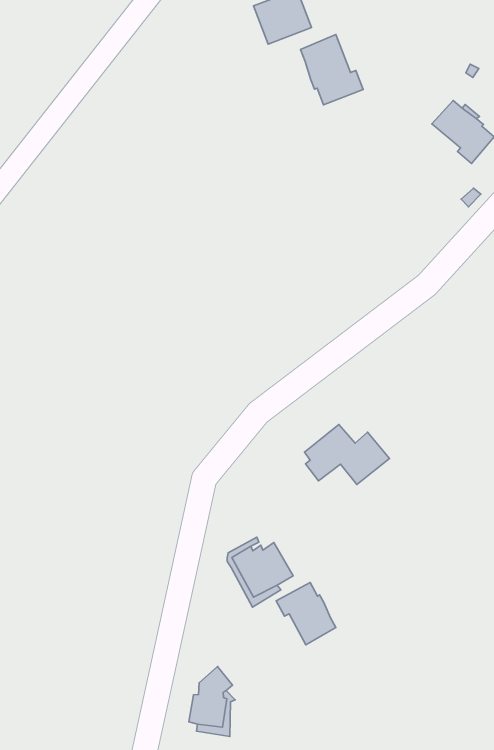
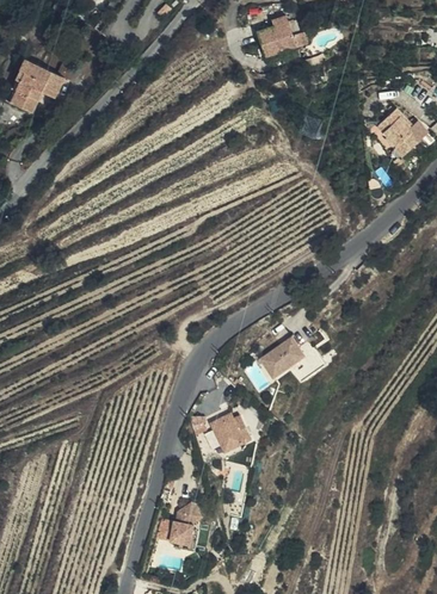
building: [301,35,363,105] -> none
building: [276,583,336,645] -> none

